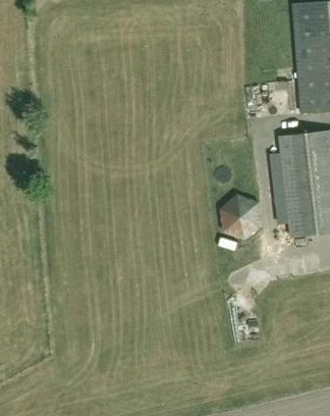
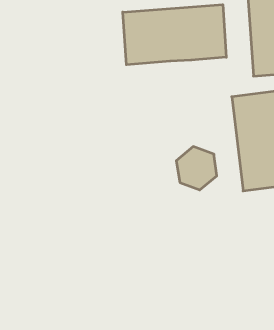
building: none -> [123,5,226,65]

